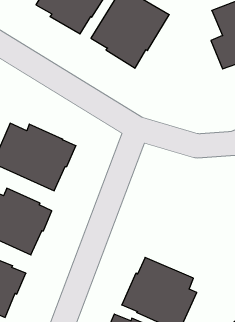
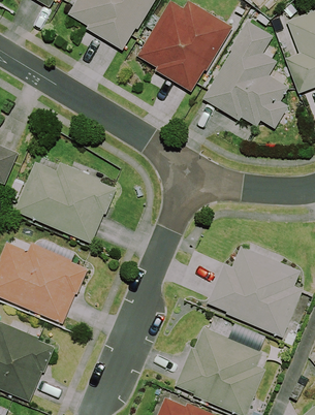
building: none -> [201,20,288,128]
building: none -> [207,245,303,338]

